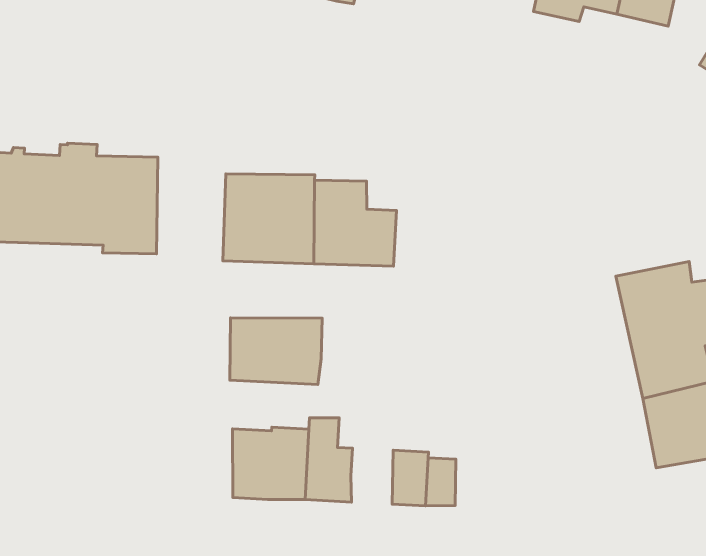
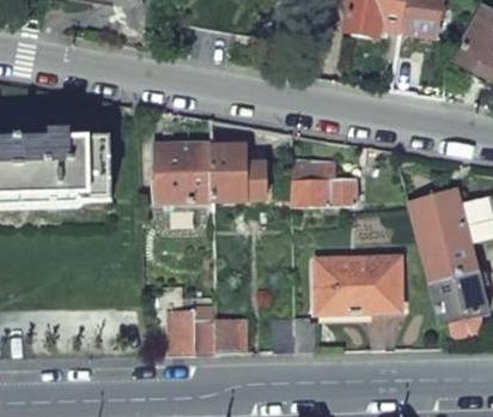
building: none -> [291,159,357,206]
building: [230,318,322,384] -> none
building: none -> [315,256,400,312]

